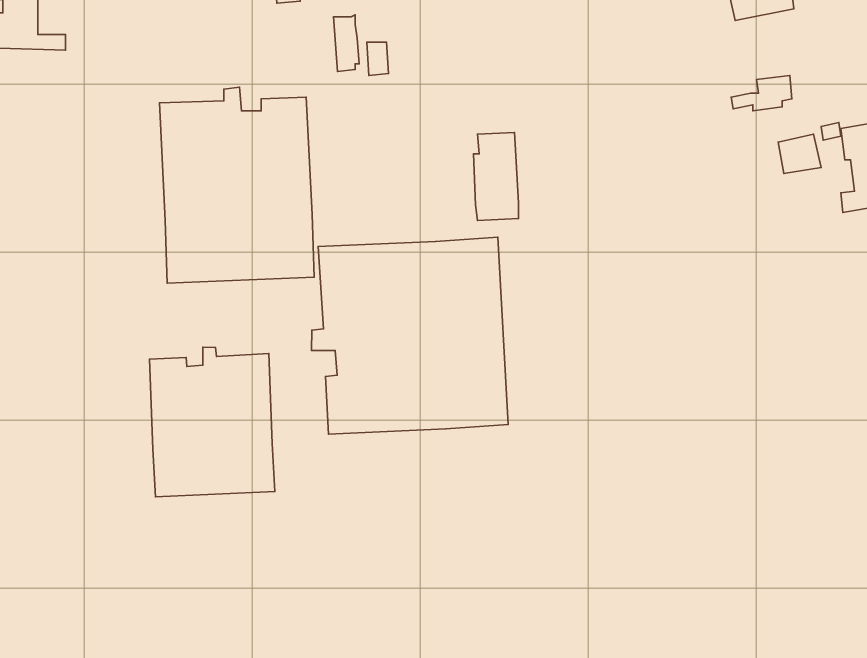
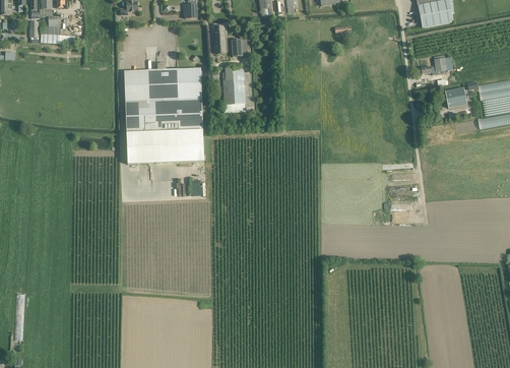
building: [473,132,518,220] -> [221,66,245,112]
building: [312,237,508,434] -> none
building: [149,347,275,497] -> none

